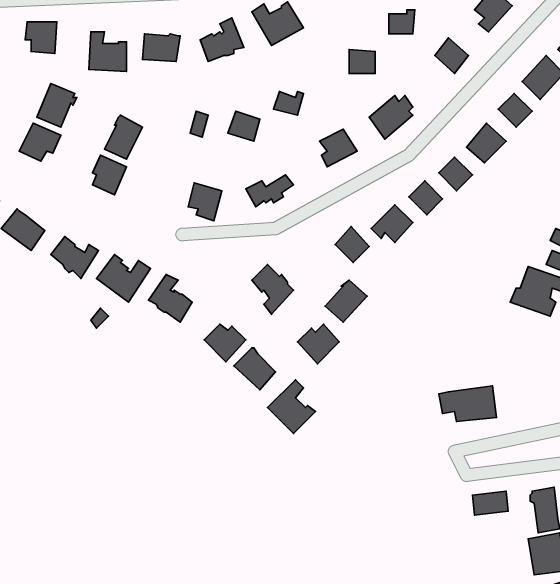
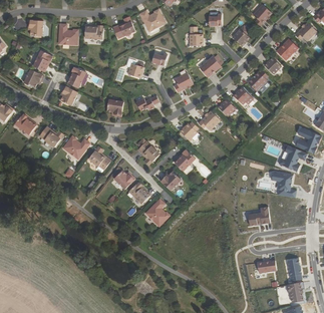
building: none -> [268,169,292,194]

